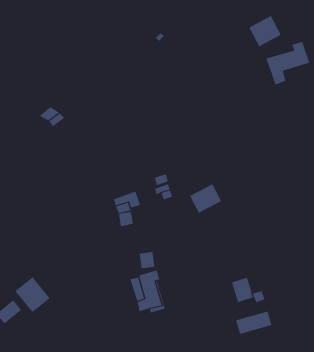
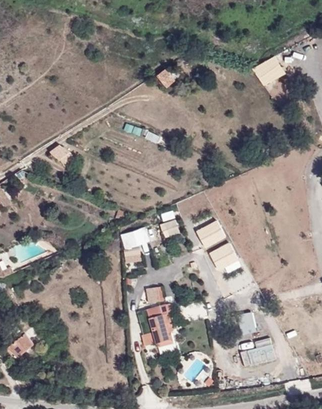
building: [266,41,310,86] -> none
building: none -> [209,238,241,272]
building: [15,276,50,313] -> none

